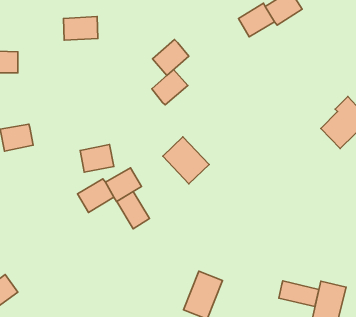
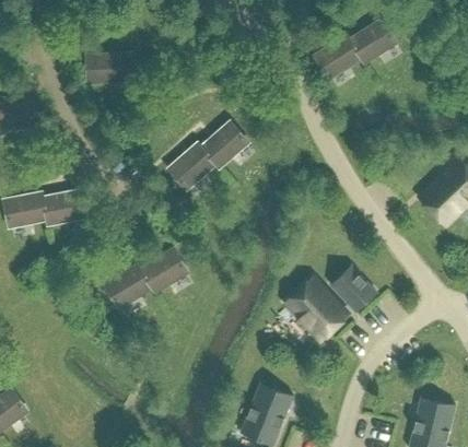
building: [153,39,189,76] -> [167,142,214,189]
building: [163,137,209,184] -> [285,279,346,340]
building: [80,145,114,172] -> [42,189,85,225]
building: none -> [329,266,376,313]
building: [117,191,150,229] -> none
building: [279,281,319,306] -> none

